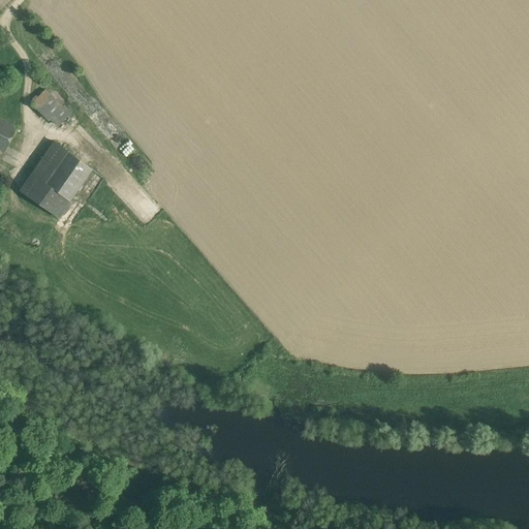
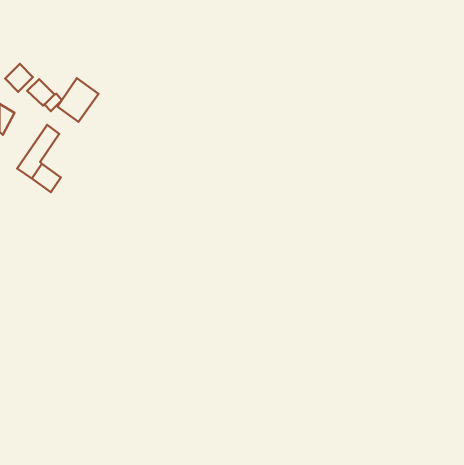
building: none -> [5,64,33,92]
building: [45,152,92,201] -> [58,78,99,122]

